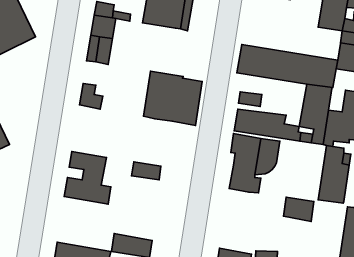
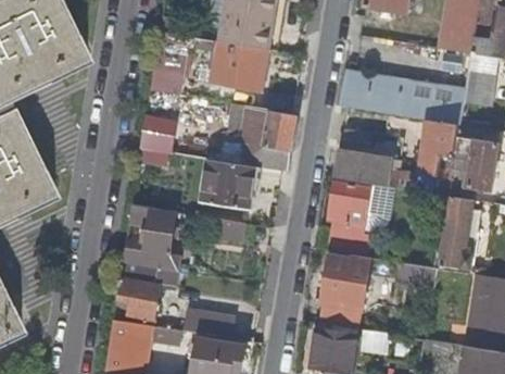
building: none -> [217,42,262,91]
building: none -> [201,159,257,210]
building: none -> [319,255,373,328]
building: none -> [116,261,177,317]

